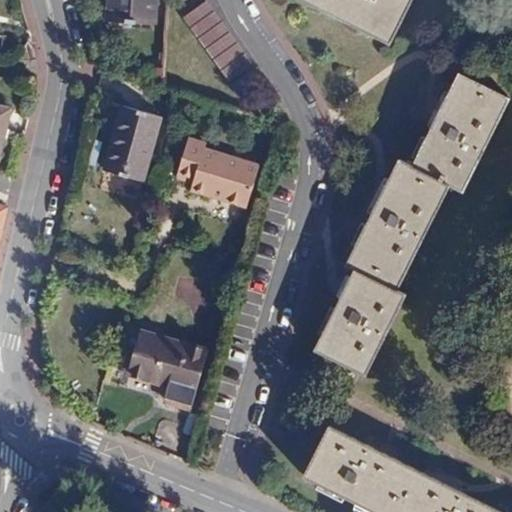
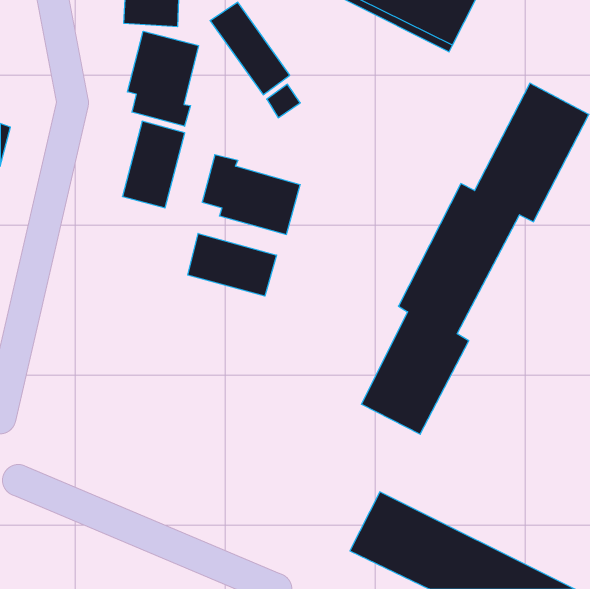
building: none -> [127,31,199,126]
building: none -> [188,233,277,296]
building: [128,331,206,409] -> none

